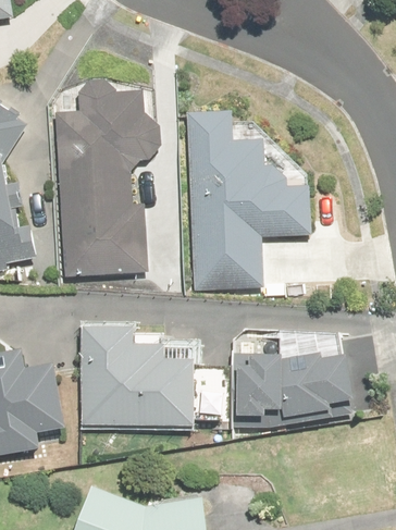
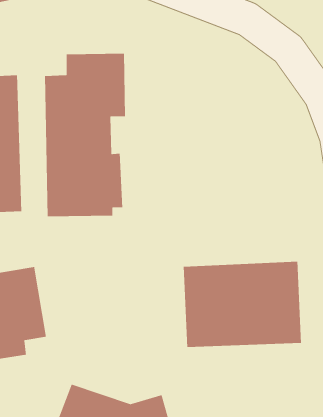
building: [183,111,300,292] -> none
building: [70,330,186,428] -> none

